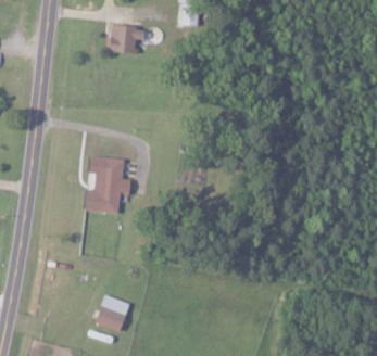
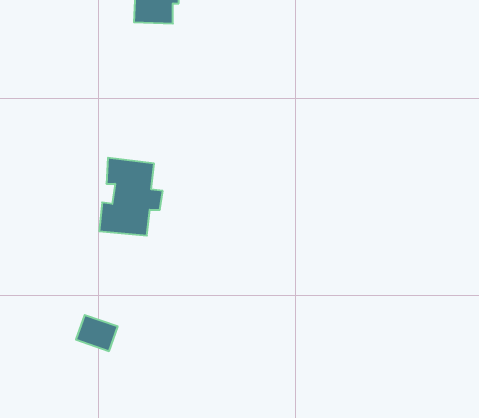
building: [93,304,125,331] -> [76,315,118,351]

